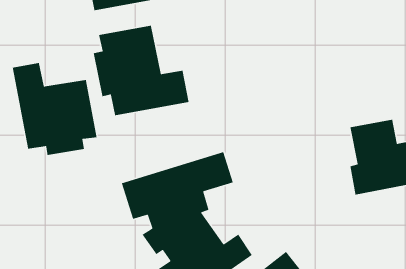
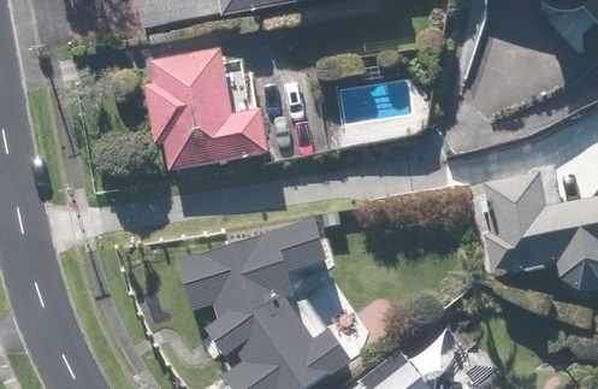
building: [12,62,97,156] -> none

